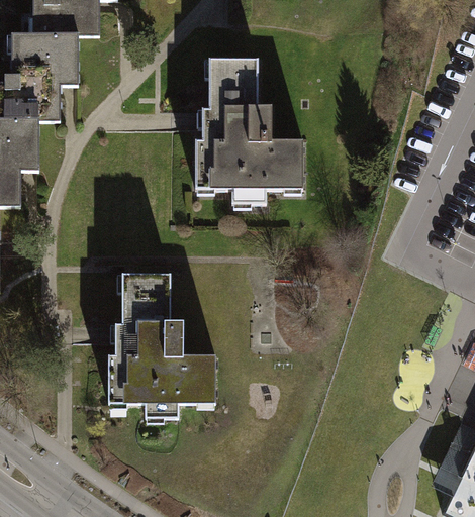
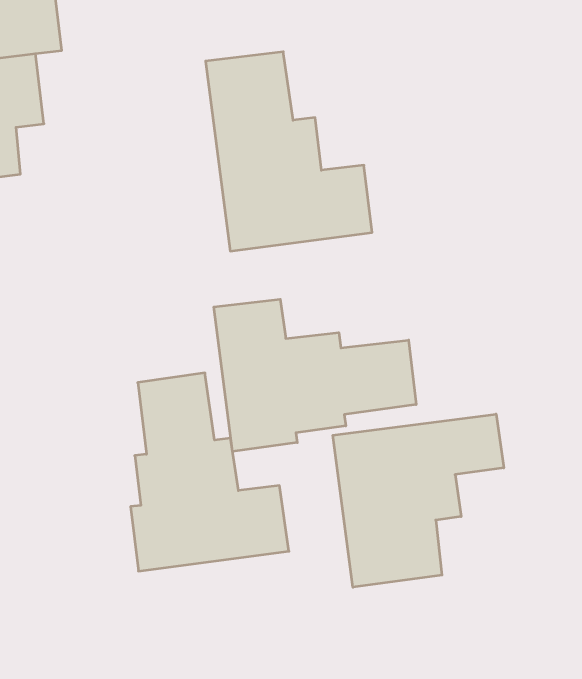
building: none -> [214,299,416,451]
building: none -> [333,414,504,587]

